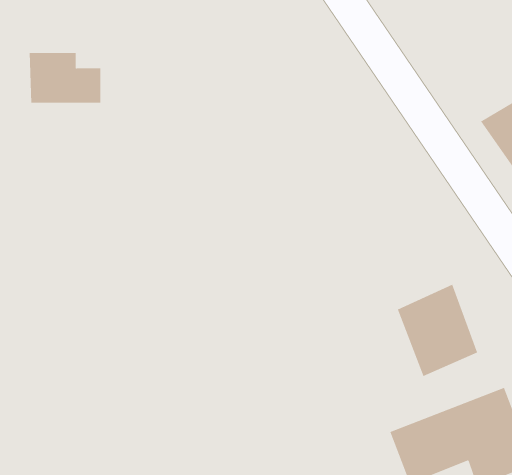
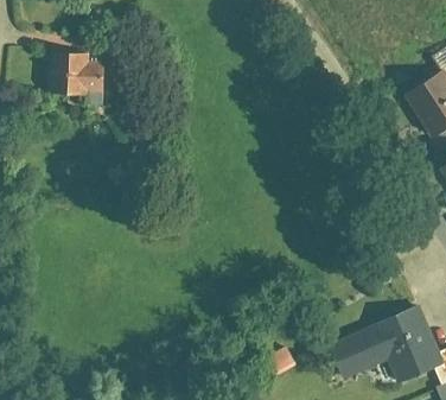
building: [397,284,478,377] -> none

